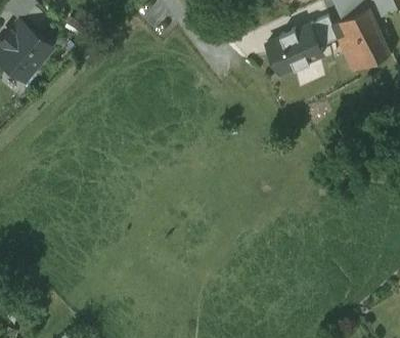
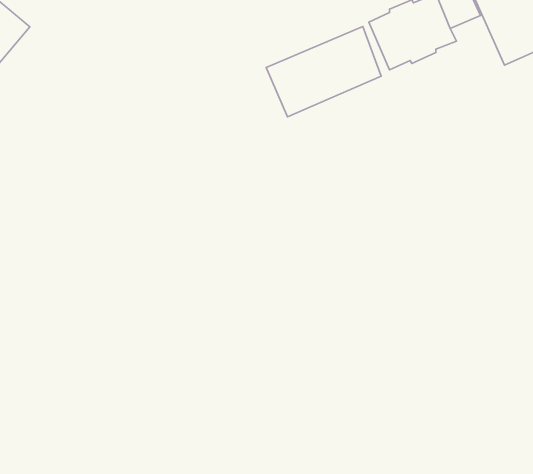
building: none -> [266,26,381,117]

